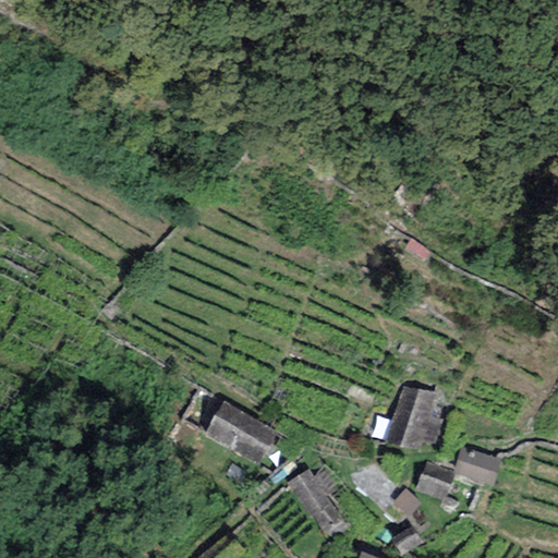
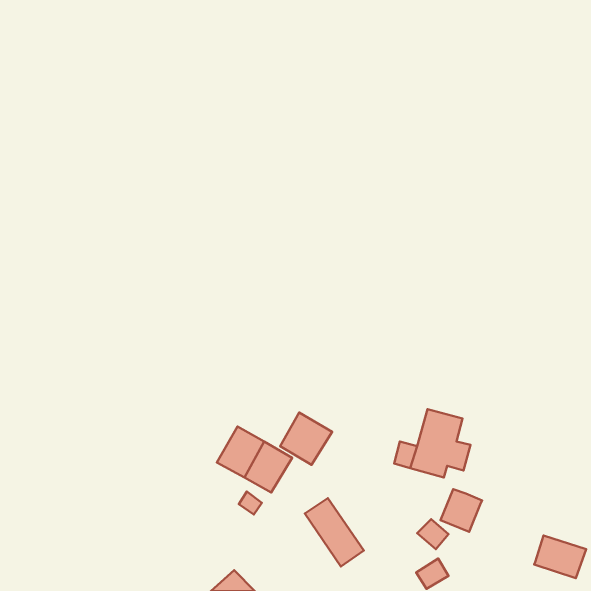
building: none -> [280,413,332,465]
building: [453,446,502,486] -> [534,535,586,578]

